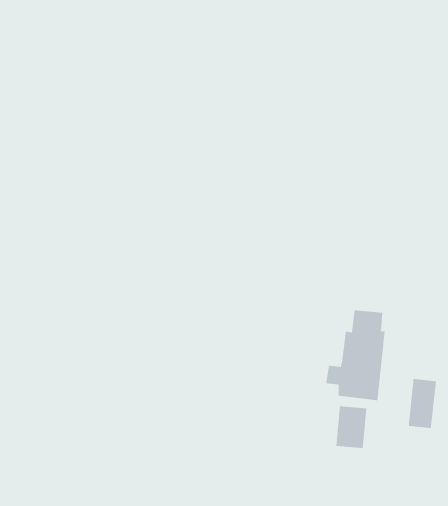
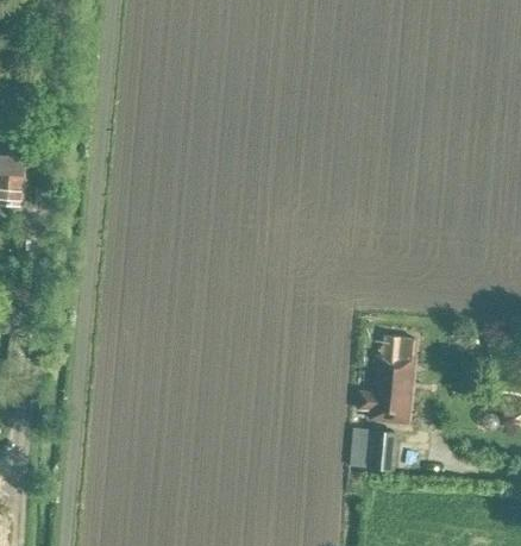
building: [408,378,436,429] -> none

